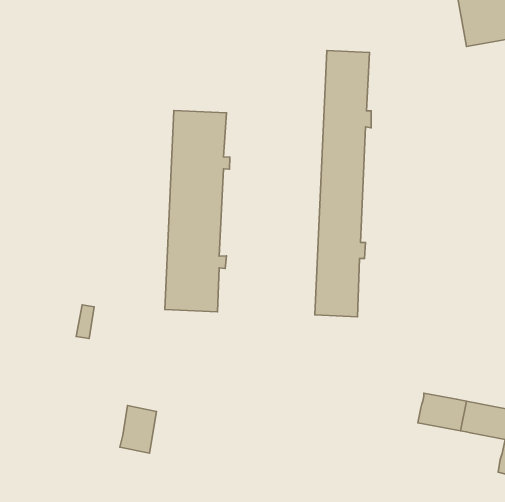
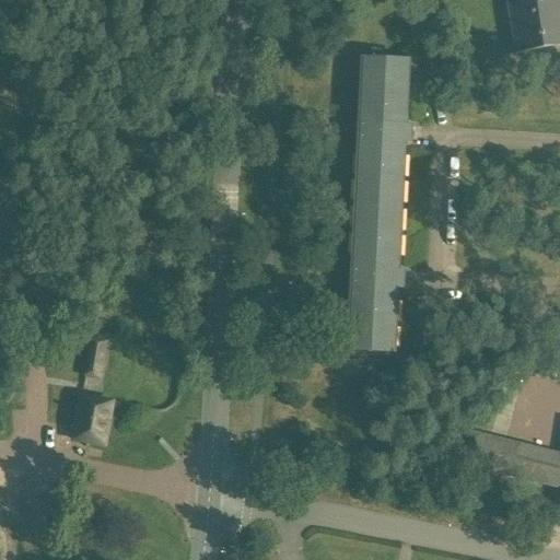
building: [165,111,230,312] -> none
building: [120,406,156,453] -> [73,392,114,444]

